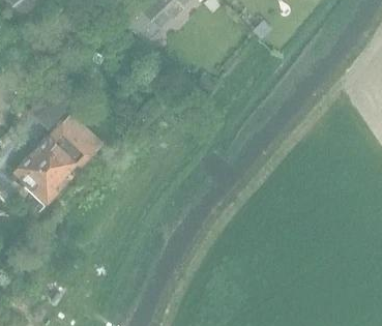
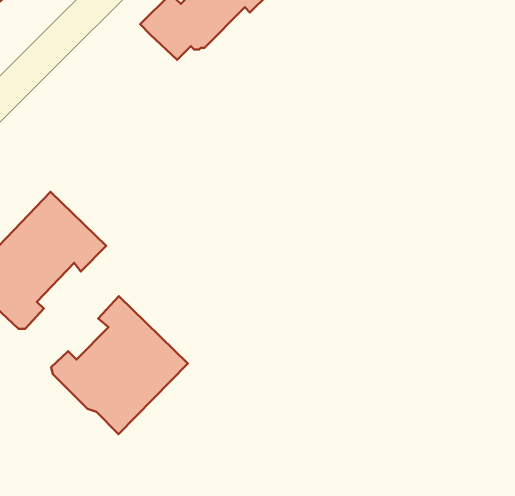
building: none -> [51,296,188,434]

